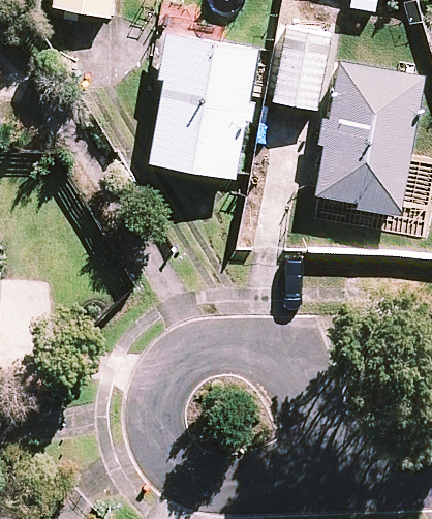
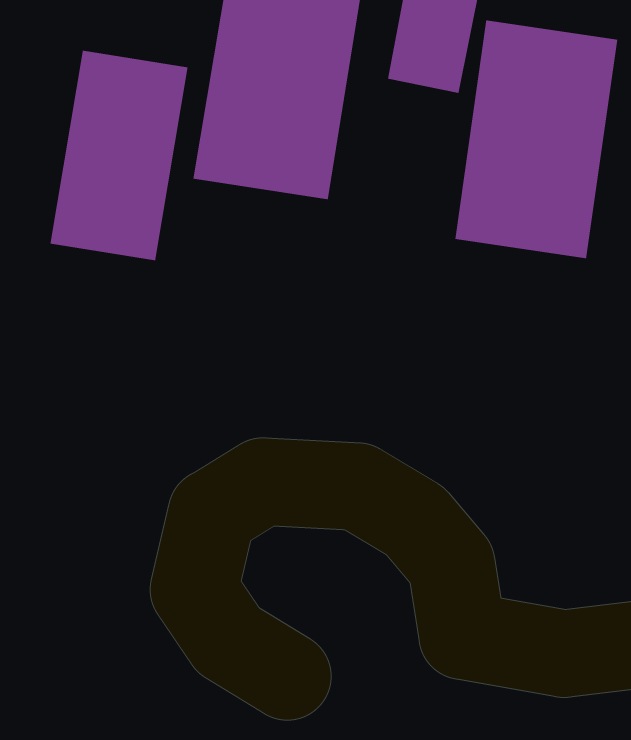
building: none -> [50,50,188,261]

